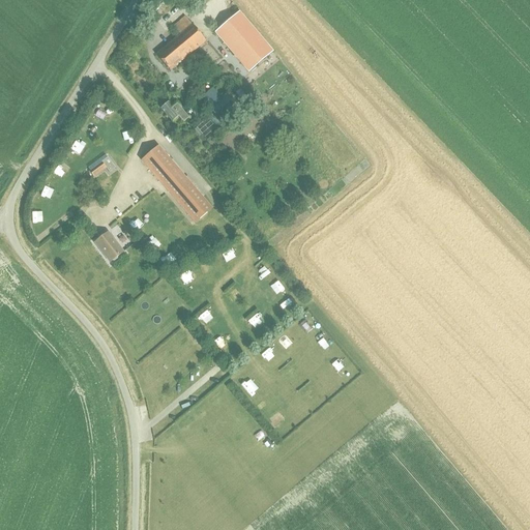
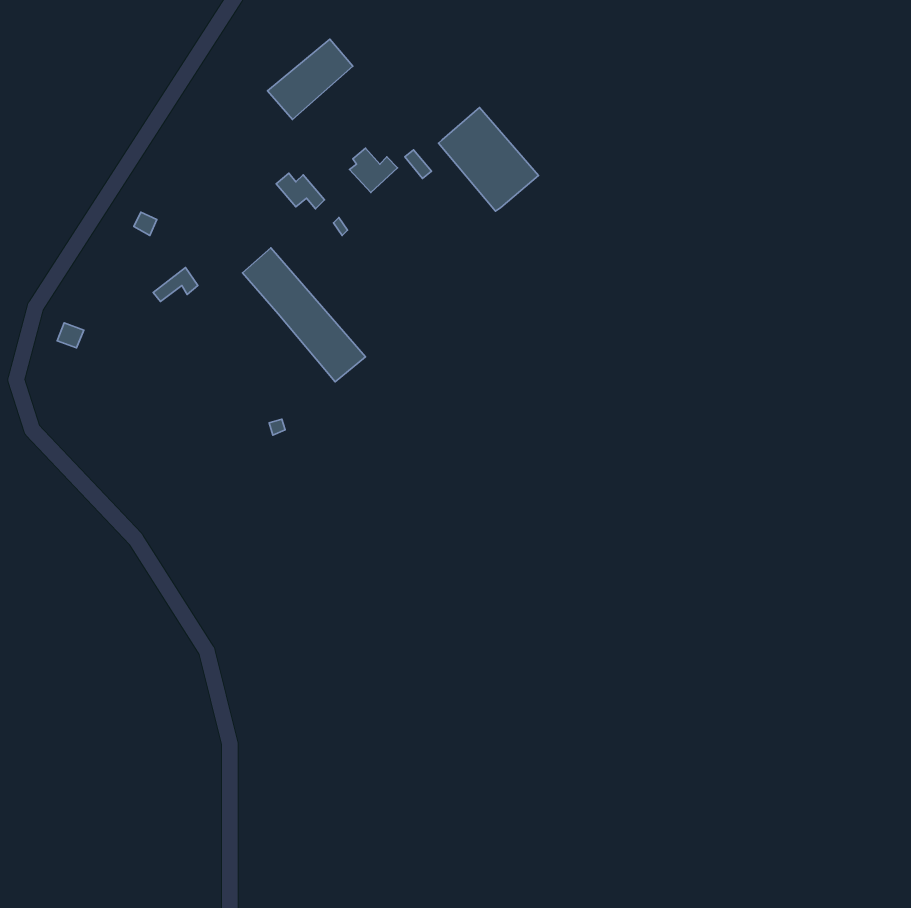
building: [215,10,273,70] -> [439,108,538,211]
building: [94,231,123,261] -> none

